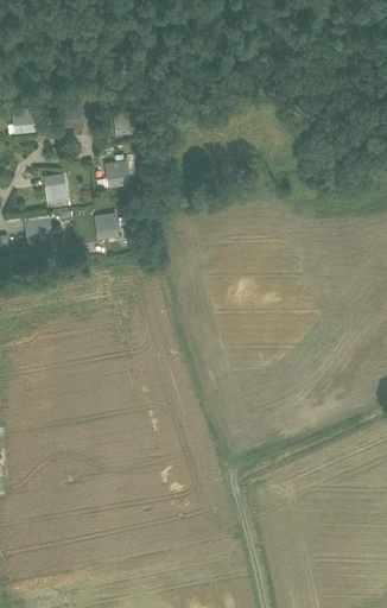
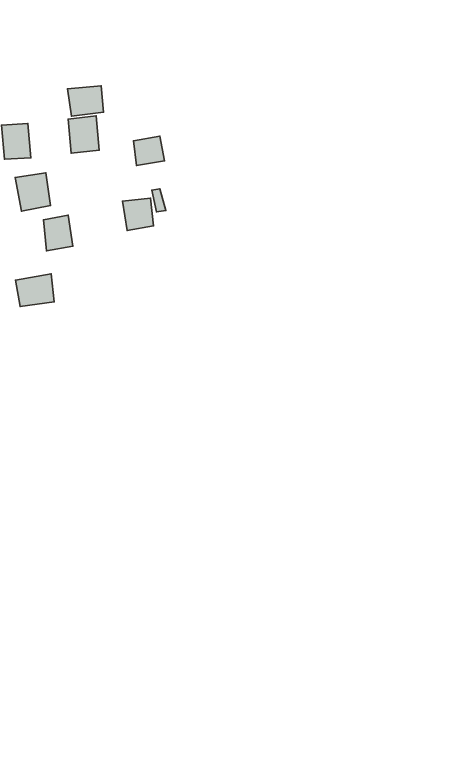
building: none -> [67,86,104,116]
building: none -> [15,173,51,211]
building: [94,211,119,239] -> none

